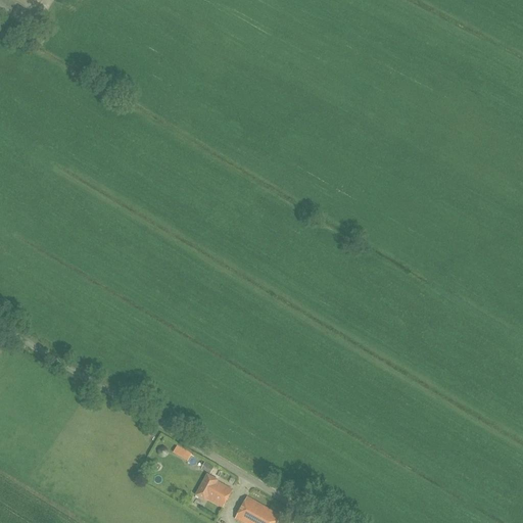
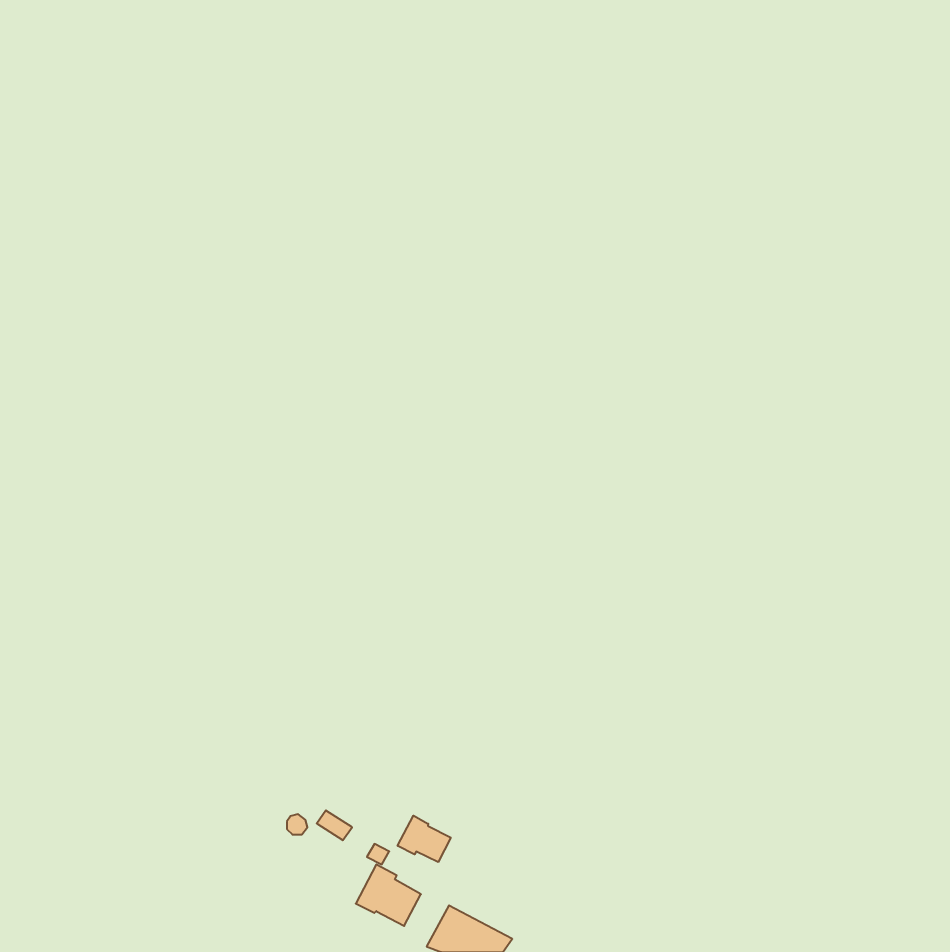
building: none -> [398,816,451,862]

